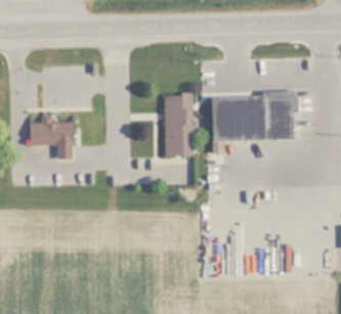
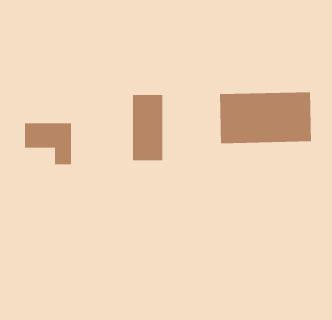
building: [165,92,194,153] -> [132,95,163,161]

